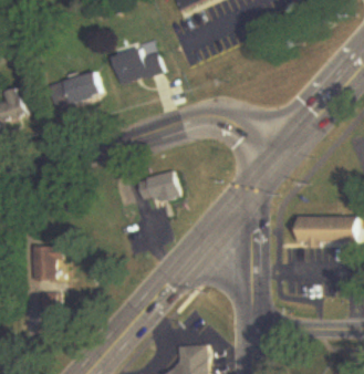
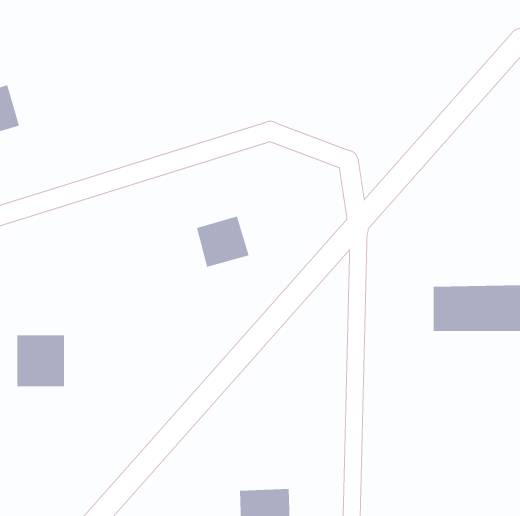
building: [111,49,160,84] -> none
building: [46,71,101,108] -> none

